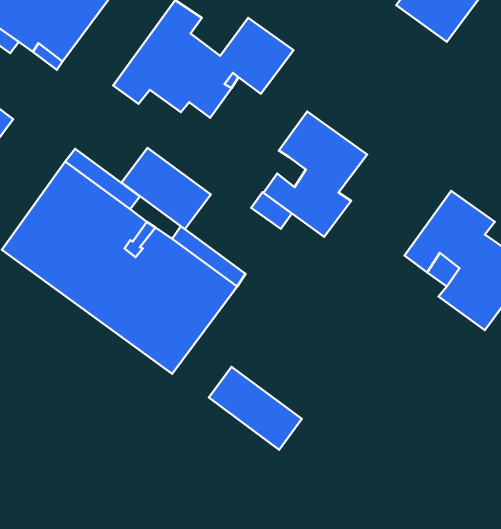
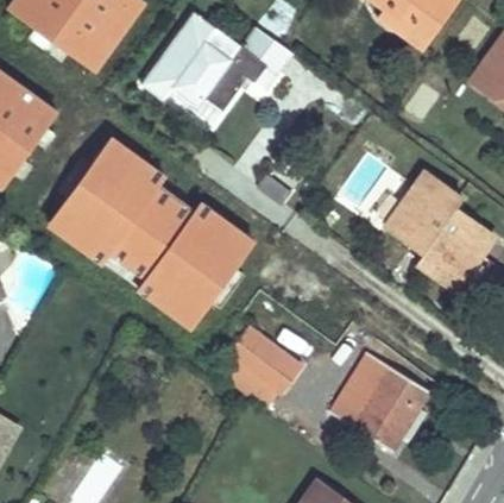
building: [264,112,367,237] -> none
building: [122,148,211,229] -> none
building: none -> [330,352,429,451]

